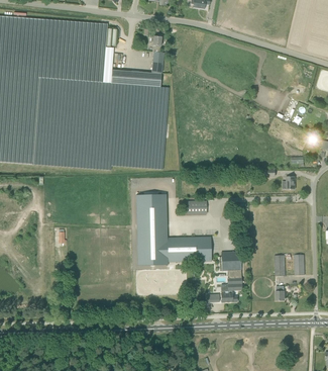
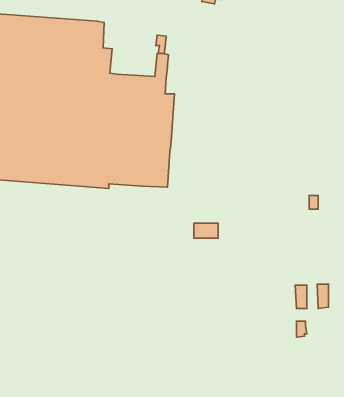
building: [136,193,211,265] -> none
building: [221,251,242,301] -> none

